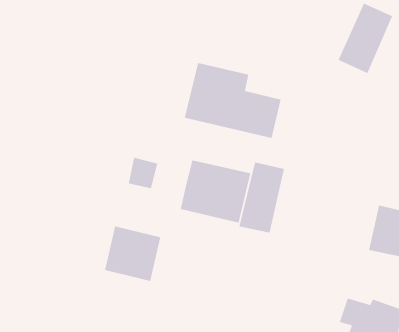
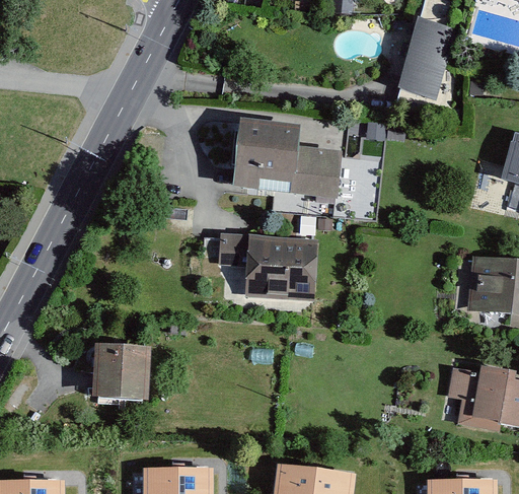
building: [128,157,158,189] -> [217,231,248,266]
building: [239,161,285,234] -> none
building: [104,226,161,282] -> [90,342,150,401]

